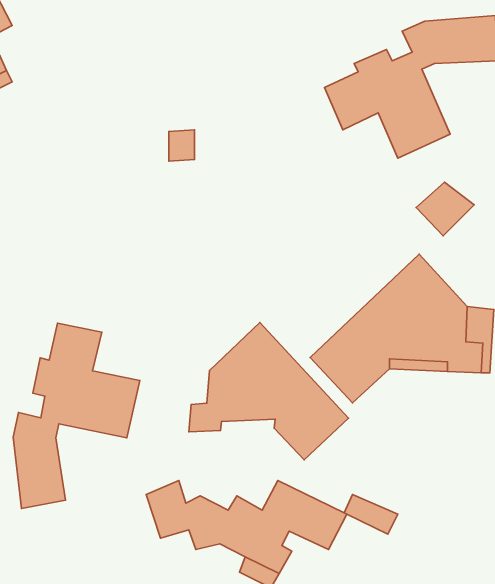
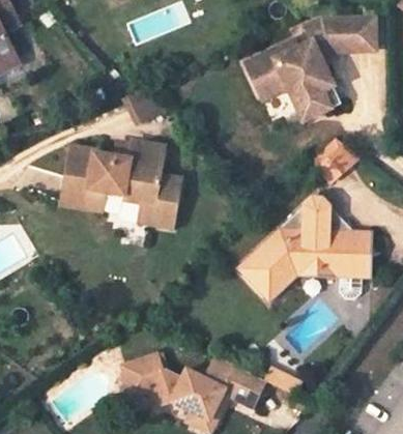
building: none -> [58,142,181,228]
building: [189,323,348,460] -> none
building: [13,323,140,509] -> none

